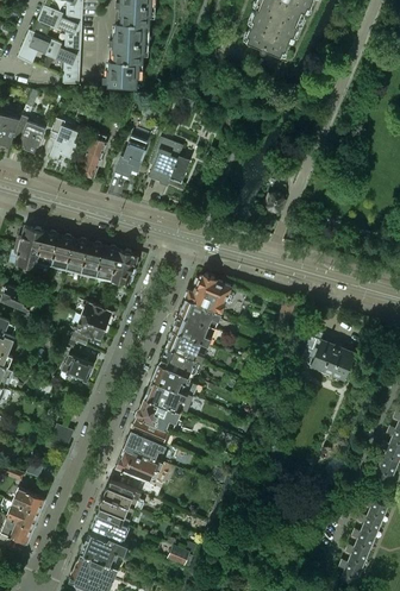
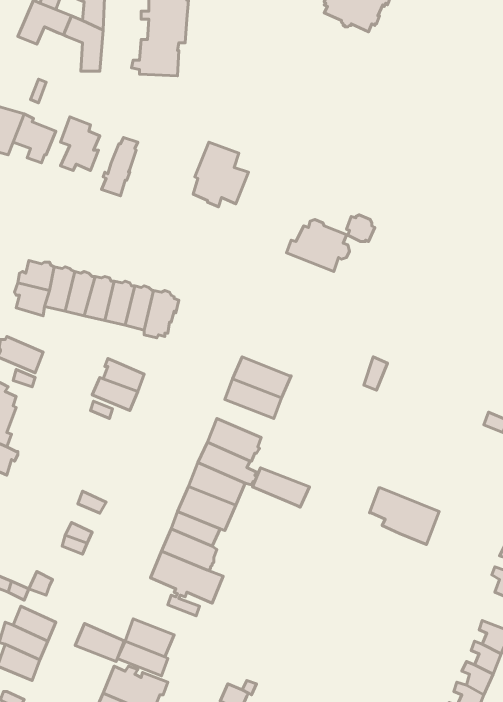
building: [114,137,148,177] -> none
building: [186,275,233,314] -> [286,220,350,272]
building: [167,332,210,361] -> [253,468,310,507]
building: [302,337,355,379] -> [370,488,439,545]
building: [61,354,94,382] -> none
building: [104,480,140,509] -> [75,624,124,661]

